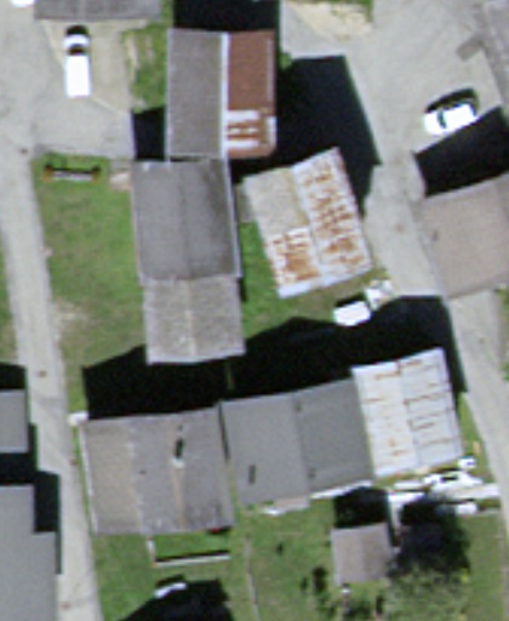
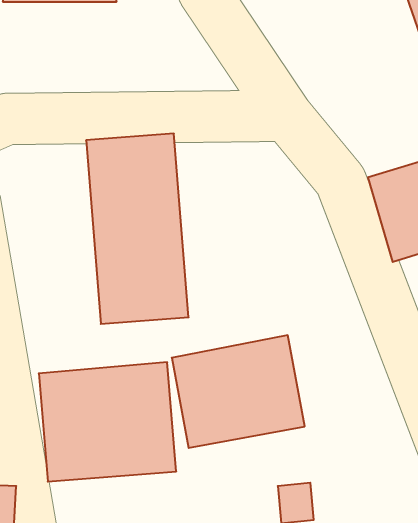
building: [166,28,273,139] -> none
building: [248,164,371,301] -> none
building: [355,352,470,474] -> none

